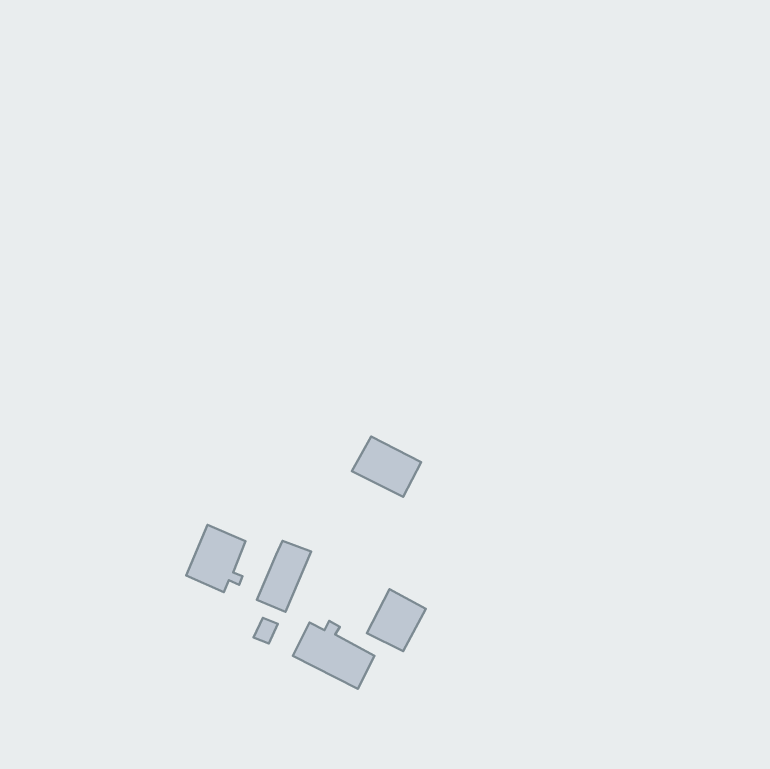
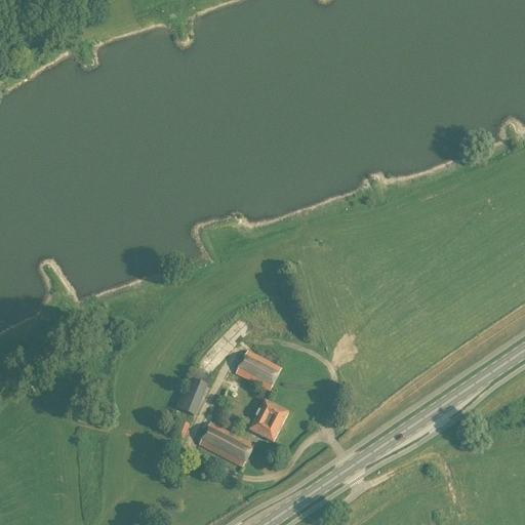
building: [352,436,421,497] -> [235,351,282,392]
building: [186,525,245,592] -> none

